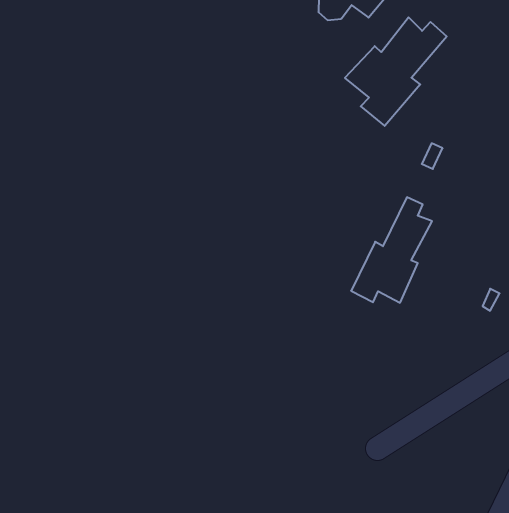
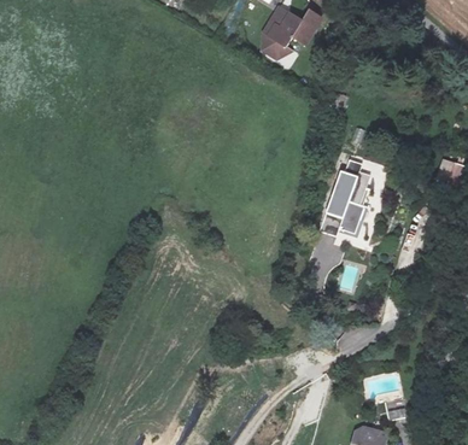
building: [345,17,447,126] -> none

